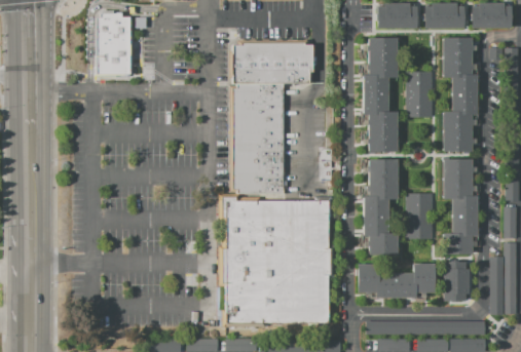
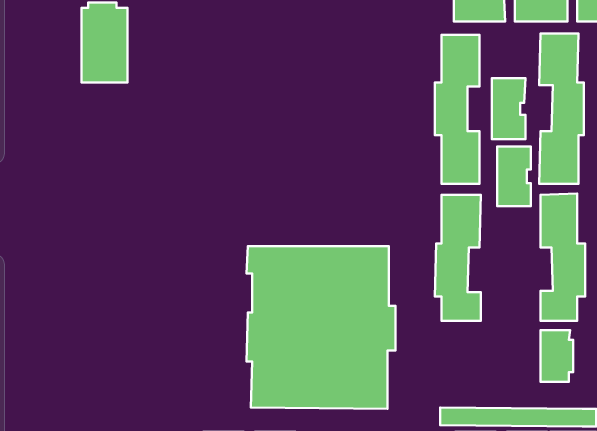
building: [231,42,313,194] -> none
building: [407,193,433,238] -> [497,147,531,206]
building: [358,264,435,298] -> none

